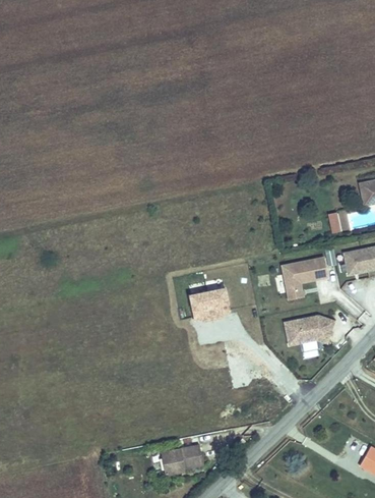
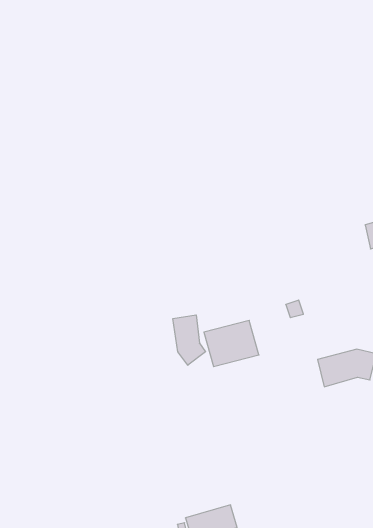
building: [279,259,326,301] -> none
building: none -> [173,315,206,365]

